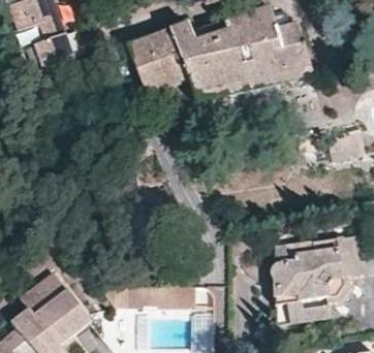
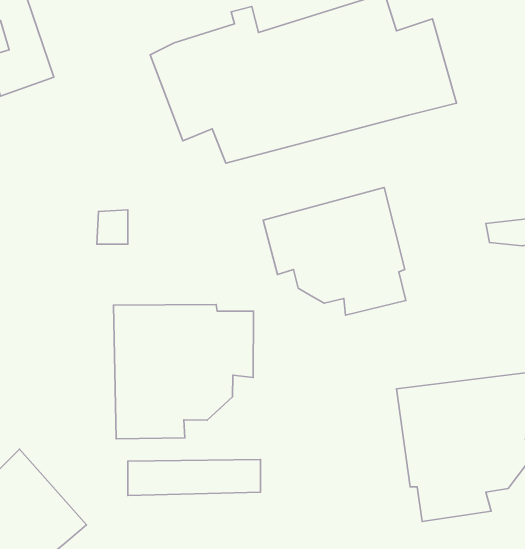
building: none -> [263,187,406,315]
building: none -> [113,305,253,439]

